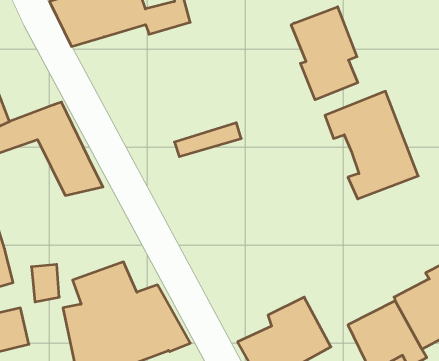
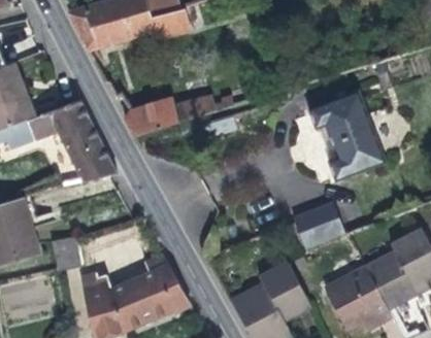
building: [291,7,358,100] -> none
building: none -> [124,95,217,136]
building: none -> [290,202,346,251]

